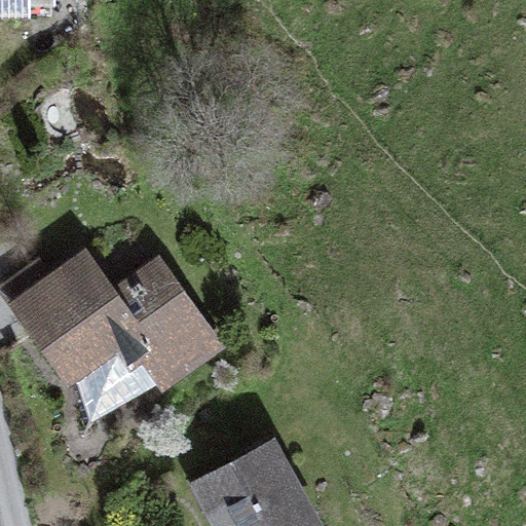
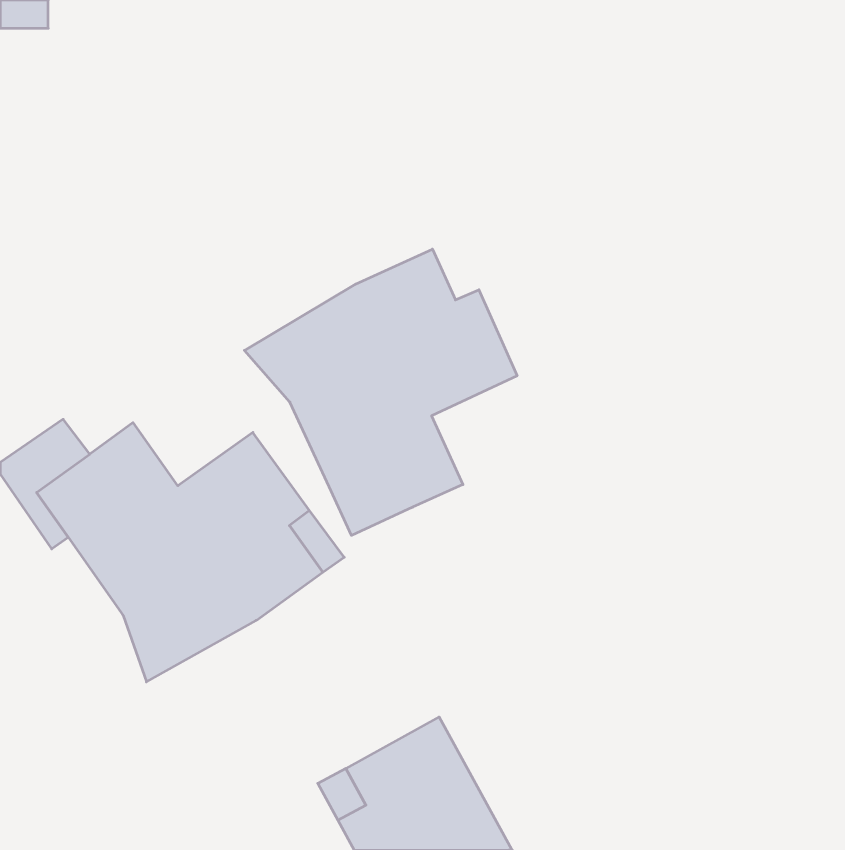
building: none -> [244,249,517,535]

